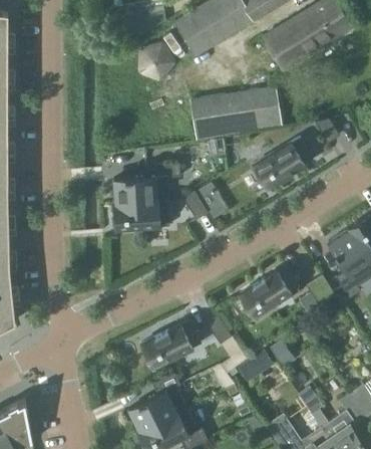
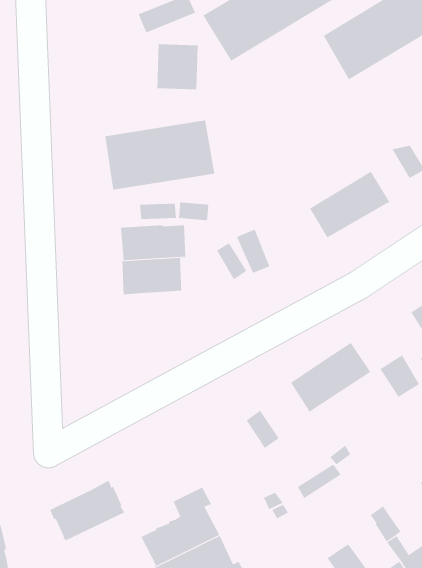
building: [192,88,274,141] -> [105,120,215,190]
building: [141,322,198,369] -> [50,480,125,542]

